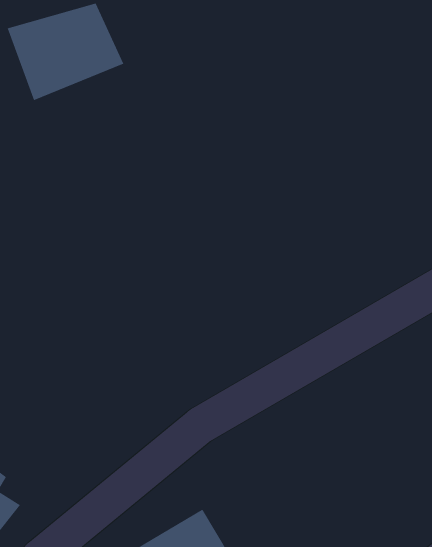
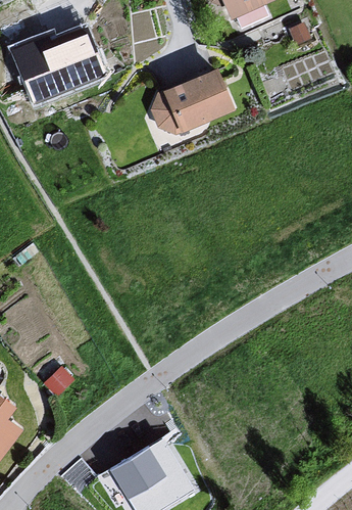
building: none -> [156,69,236,132]

